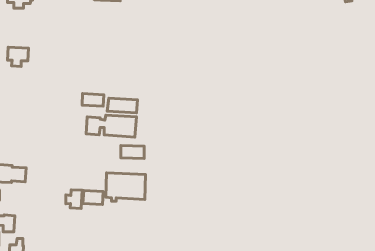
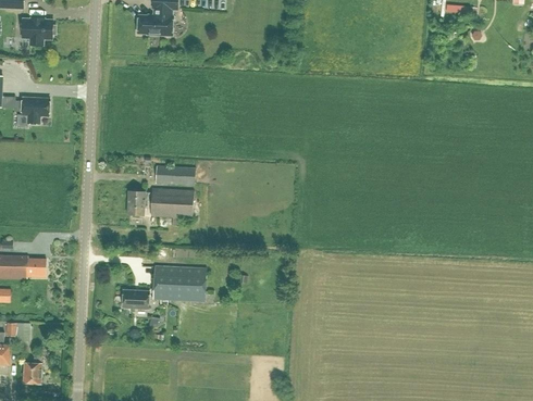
building: [82,94,104,106] -> none
building: [121,145,144,158] -> none
building: [66,190,82,208] -> none

